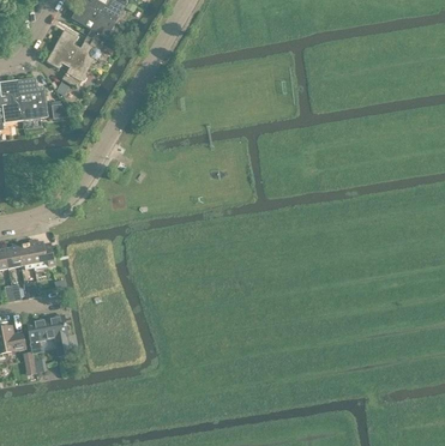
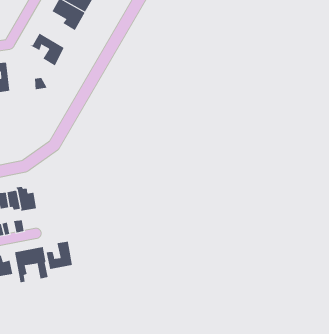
building: [55,29,114,65] -> none
building: [17,77,48,119] -> none
building: none -> [44,241,72,270]

